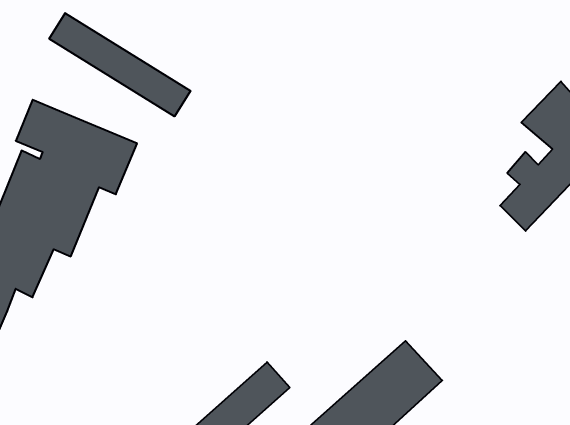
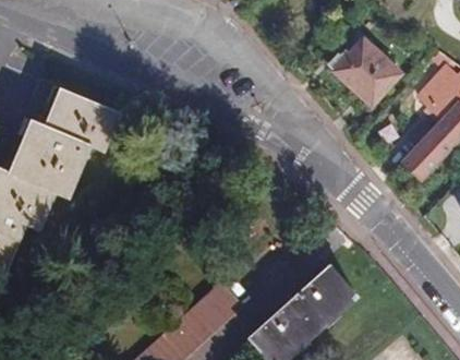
building: [49,13,190,116] -> none
building: none -> [335,40,401,106]

